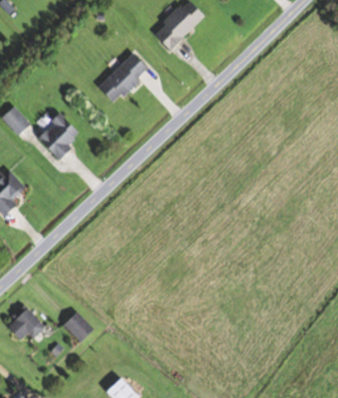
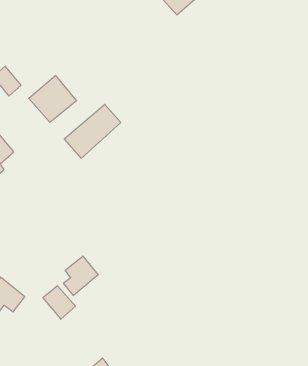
building: [98,52,150,105] -> [64,104,121,158]
building: none -> [63,256,98,296]

